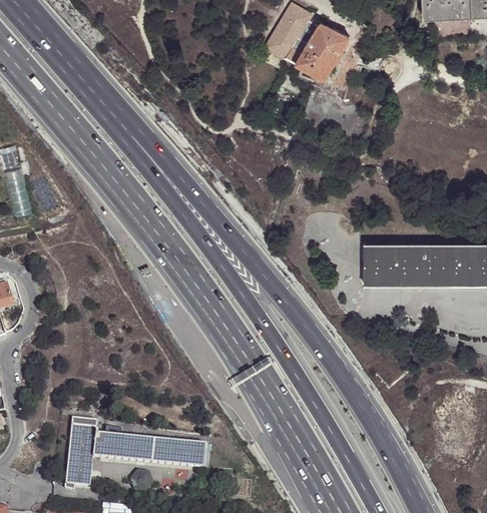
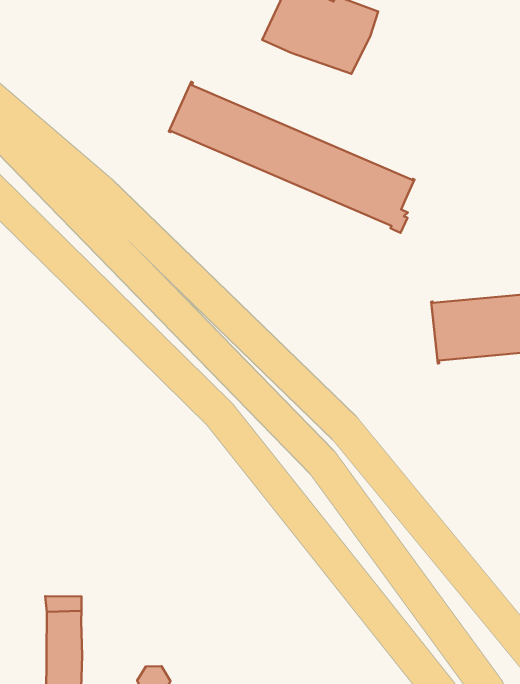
building: none -> [169,82,414,233]
building: [94,436,206,471] -> none

